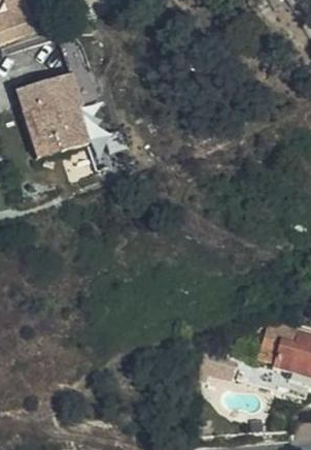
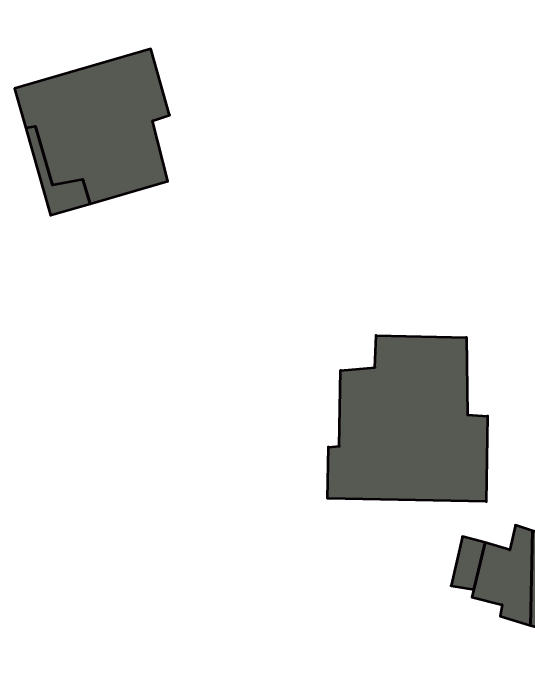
building: none -> [328,335,488,502]

